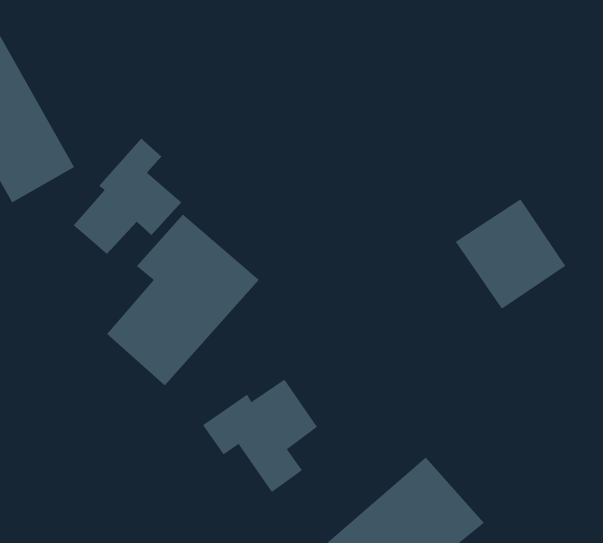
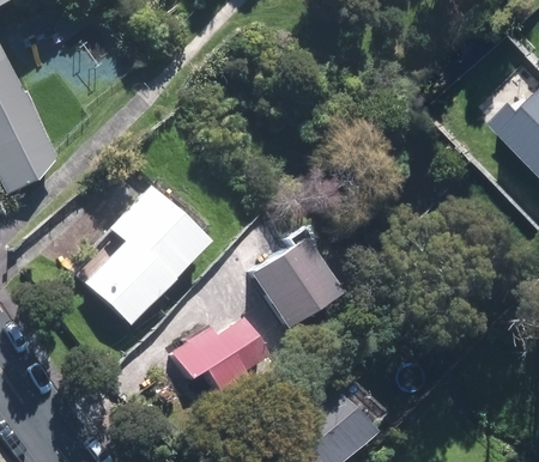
building: [73,138,182,255] -> none
building: [455,198,566,309] -> [252,239,340,328]

